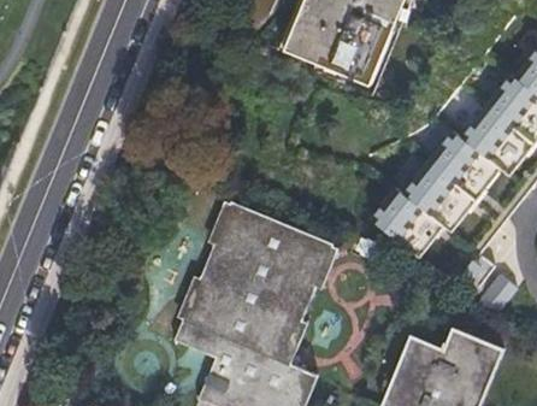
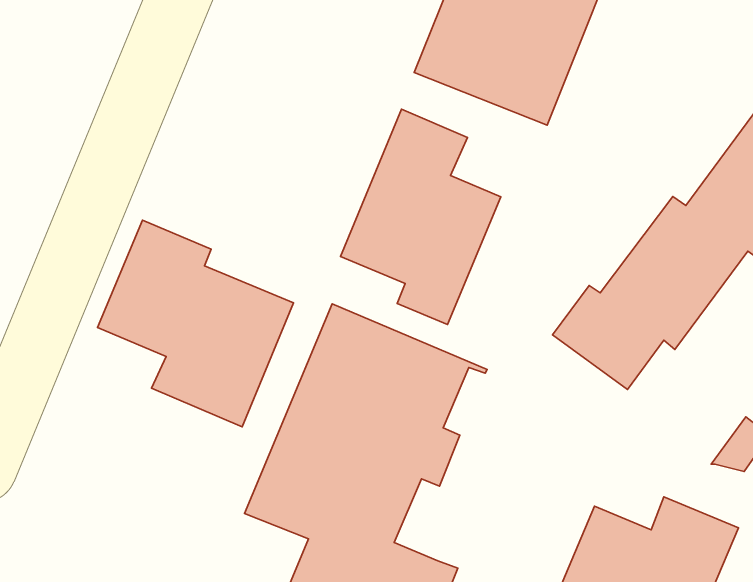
building: none -> [340,109,501,325]
building: none -> [98,220,293,427]

